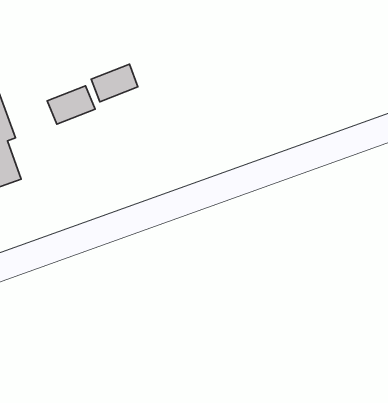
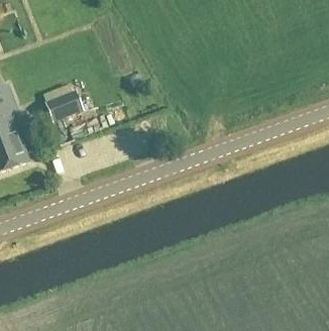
building: [91,64,138,102] -> none

